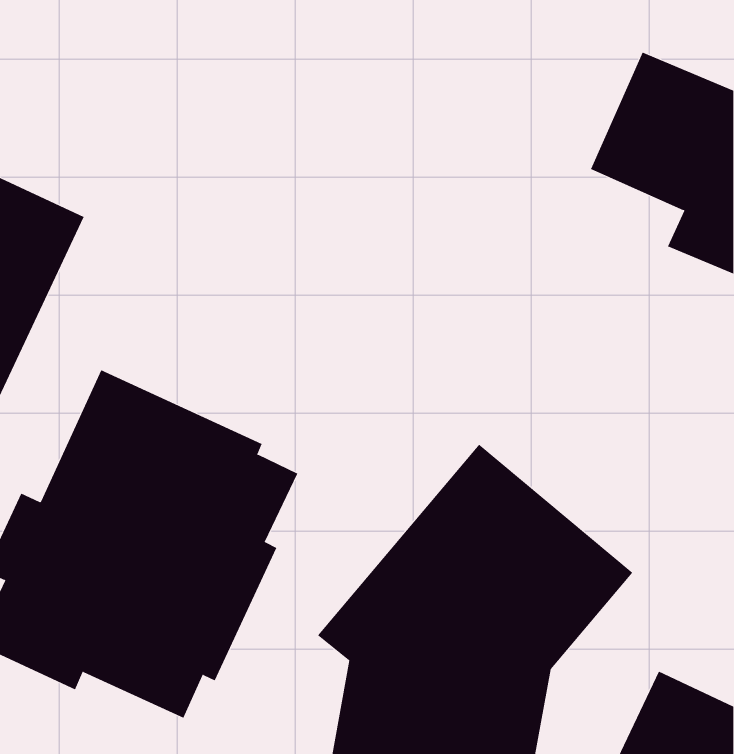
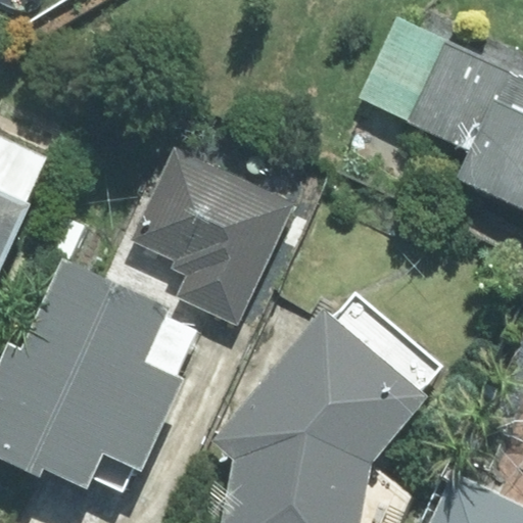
building: none -> [127,148,294,326]

